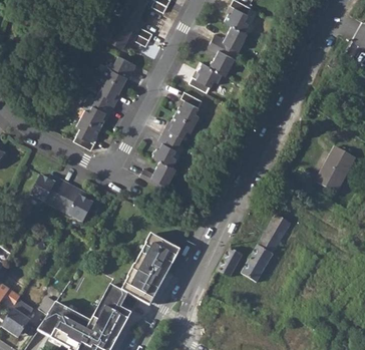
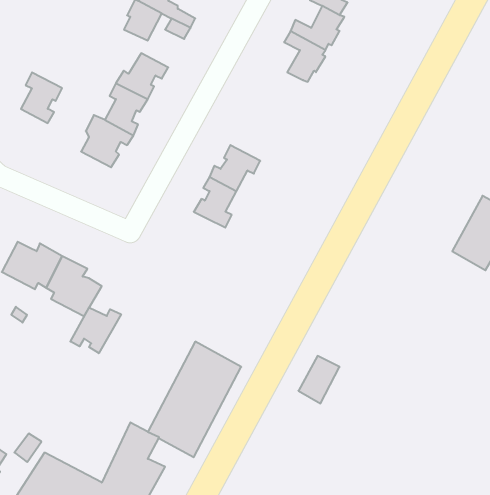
building: [190,62,222,91] -> none
building: [175,90,203,123] -> none
building: [74,117,100,149] -> [21,72,62,123]
building: [140,159,174,188] -> none
building: [241,214,292,283] -> none
building: none -> [70,308,121,353]

